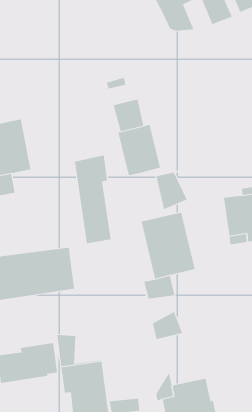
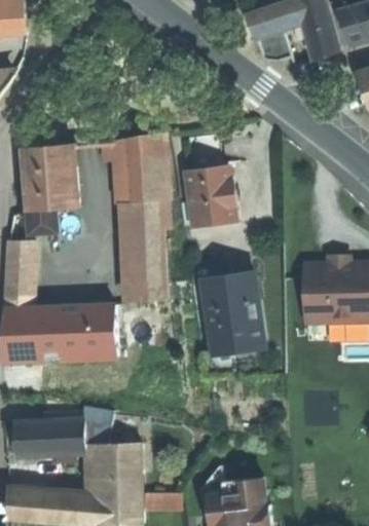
building: none -> [114,133,167,203]
building: [156,164,209,210] -> none
building: [145,290,183,340] -> none

